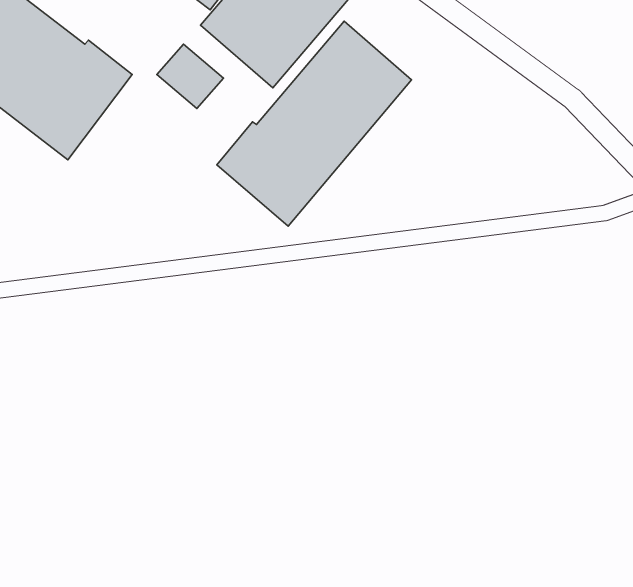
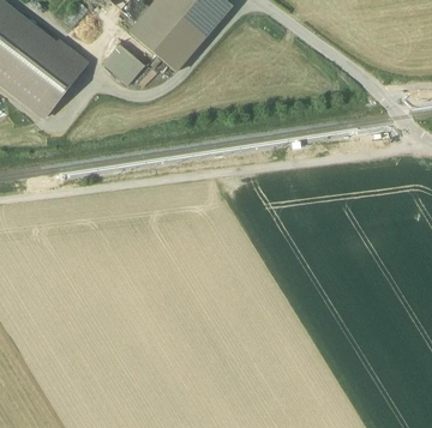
building: [217,21,411,226] -> none

